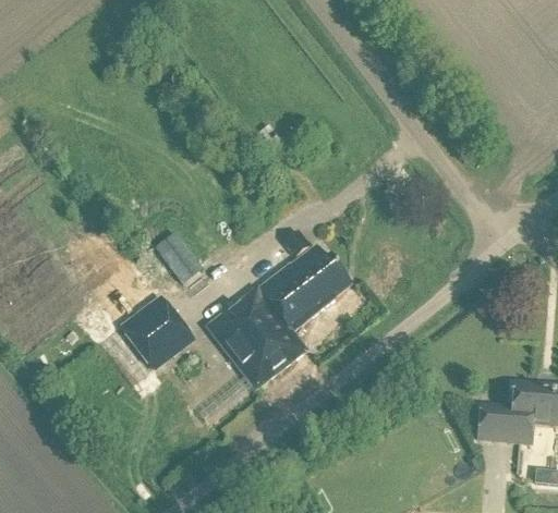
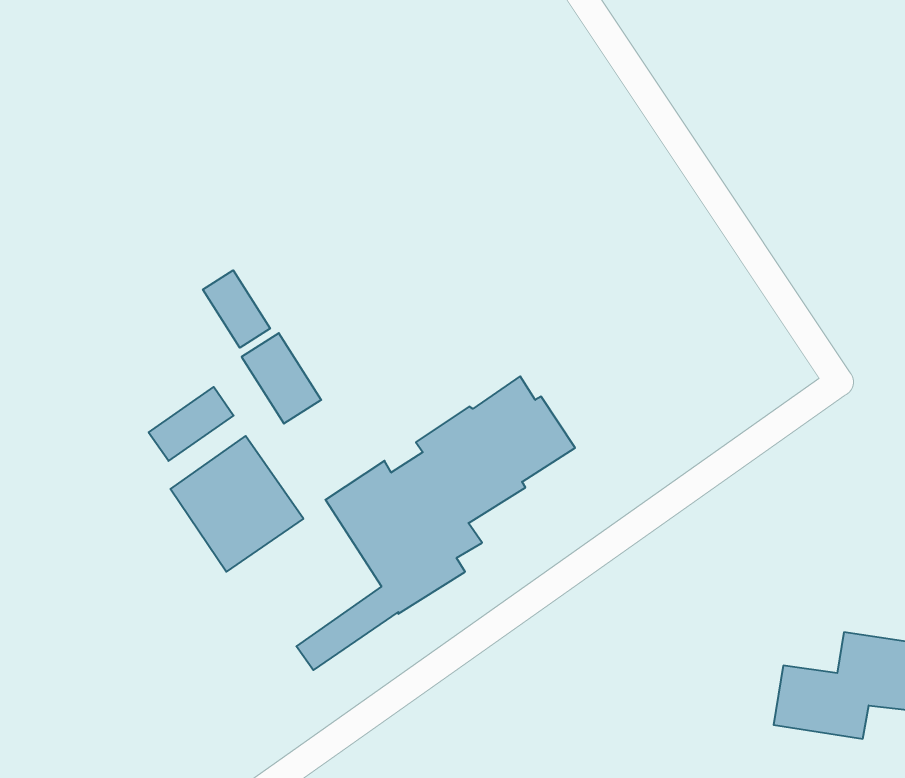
building: none -> [203,270,270,348]
building: none -> [149,387,234,461]

